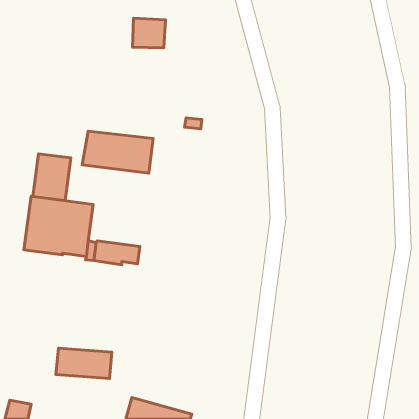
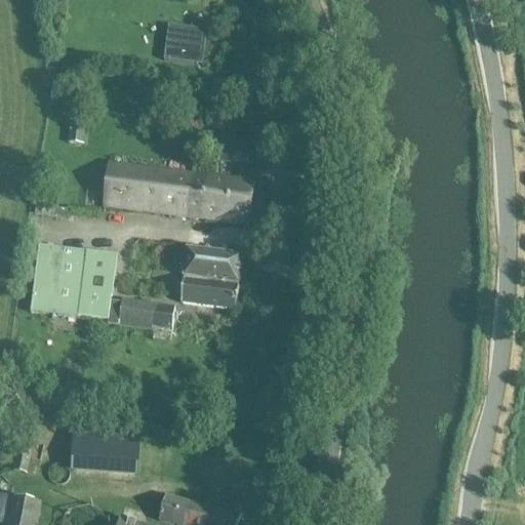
building: none -> [186,172,250,223]
building: [33,154,71,200] -> none
building: none -> [180,249,241,308]

